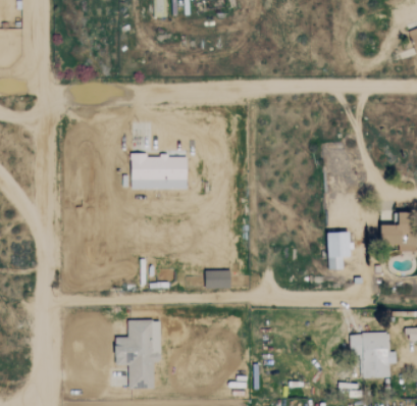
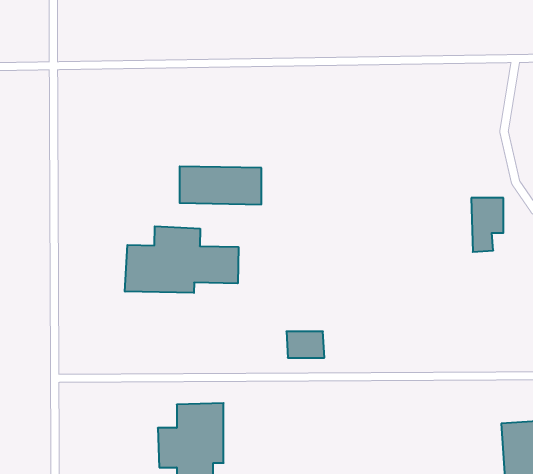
building: none -> [125,226,238,293]
building: [328,233,351,270] -> [471,198,503,252]

